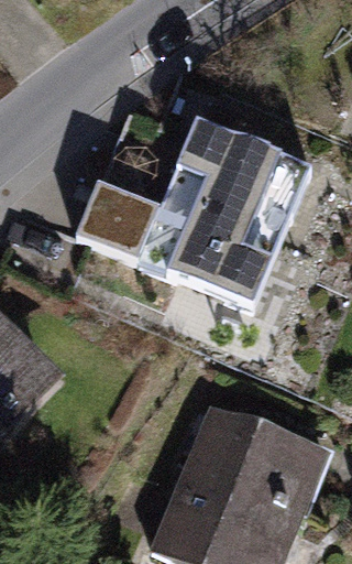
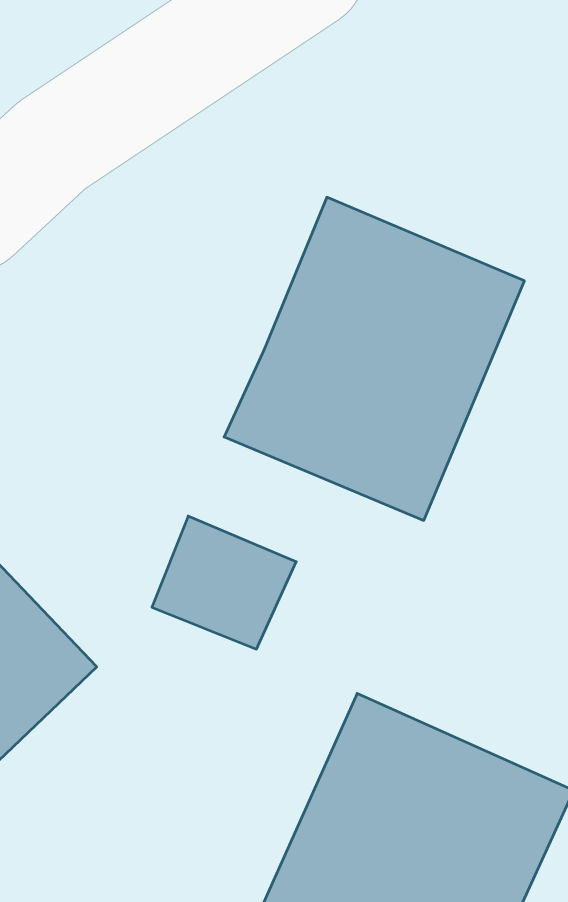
building: [75,176,158,253] -> [152,516,296,649]

